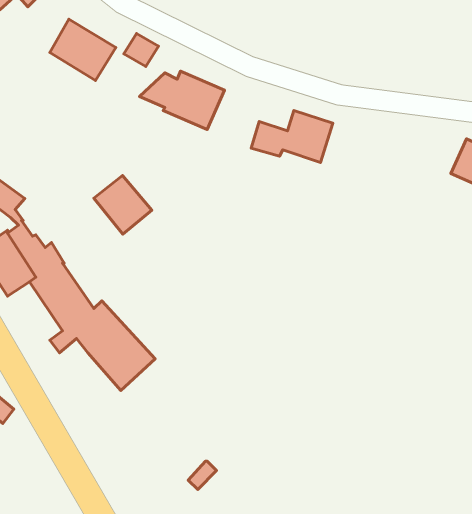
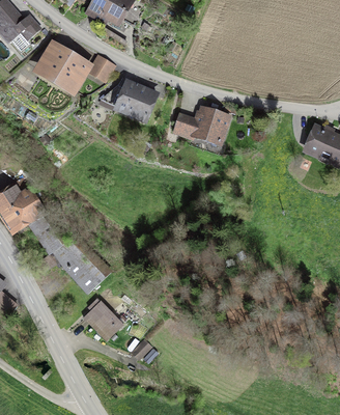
building: [94,176,152,234] -> none
building: none -> [85,298,121,338]

